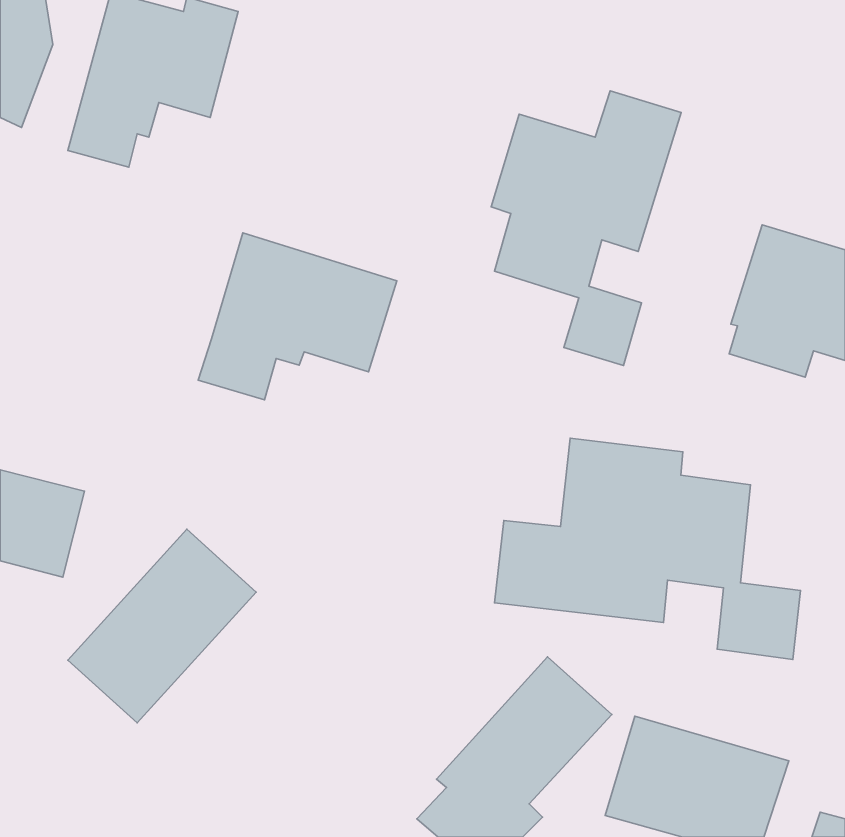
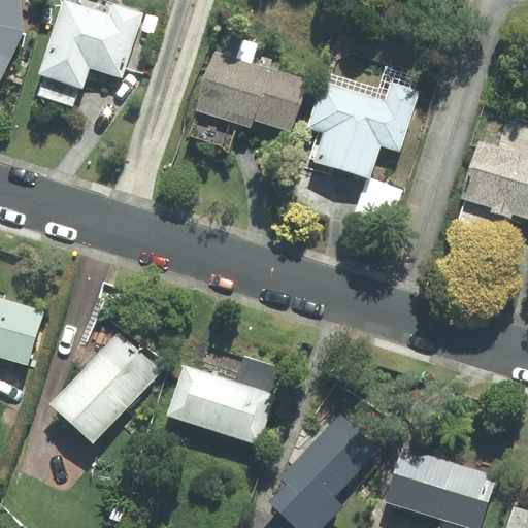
building: [198,233,397,400] -> [183,51,306,155]
building: [494,438,801,659] -> none
building: none -> [164,354,283,450]

